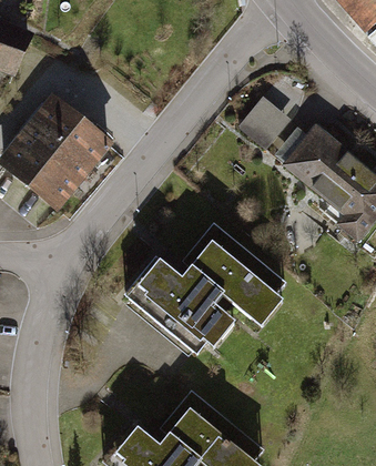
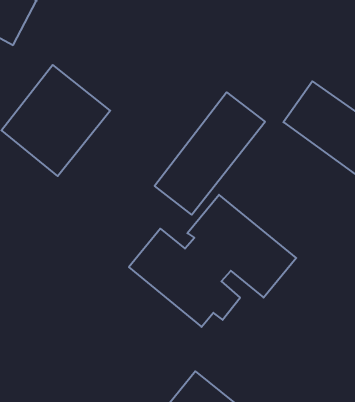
building: [241,92,295,148] -> none
building: none -> [155,92,265,215]

